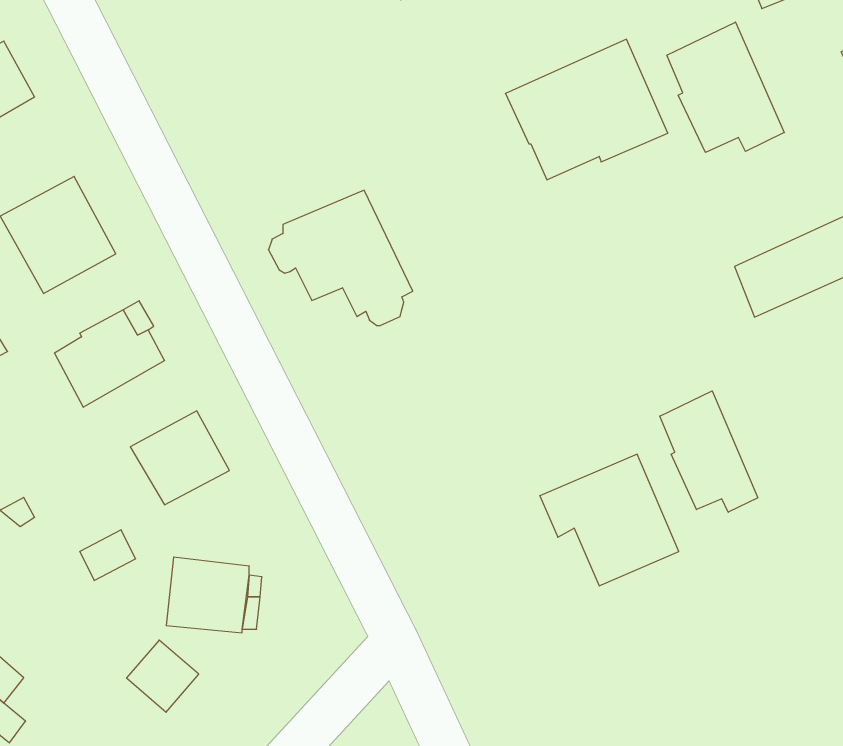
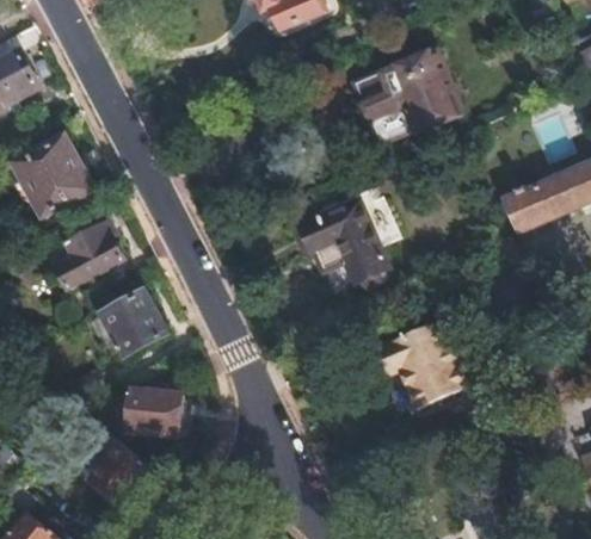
building: [667,22,784,152] -> none
building: [268,190,413,326] -> [293,199,388,289]
building: [660,391,758,512] -> none

